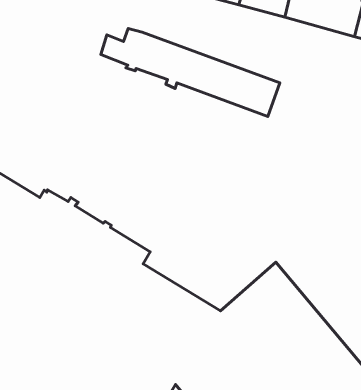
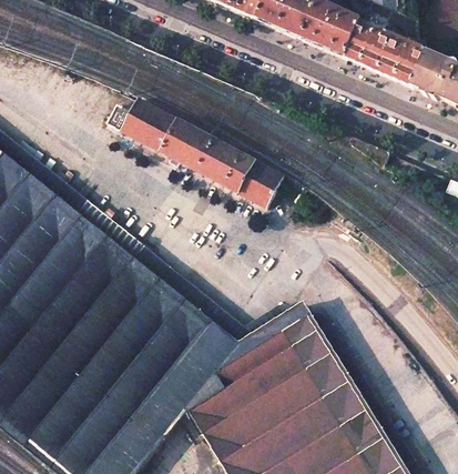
building: [101,29,280,117] -> [106,99,282,206]

